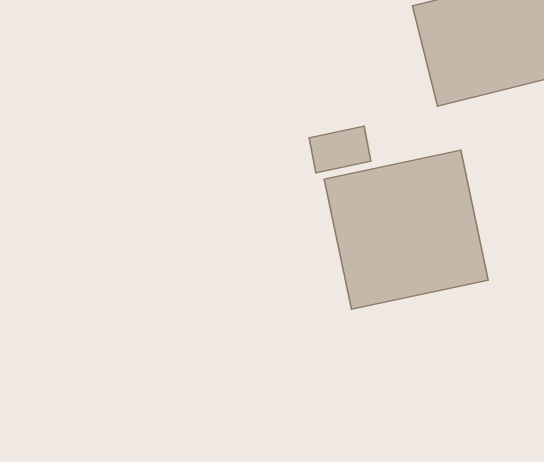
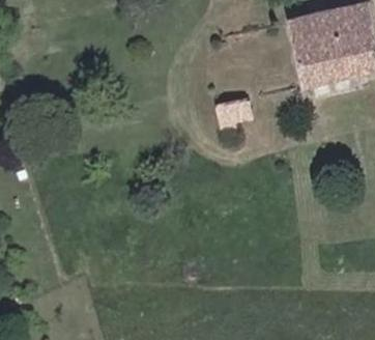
building: [324,150,488,309] -> none

